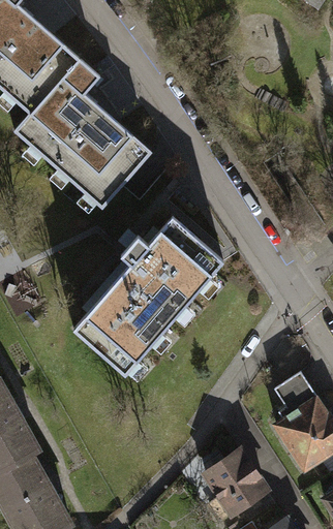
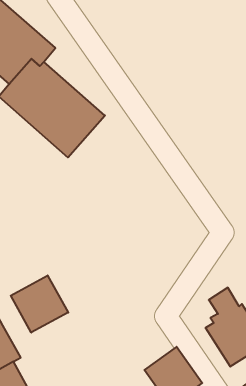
building: [81,214,224,371] -> none
building: none -> [11,275,68,333]

